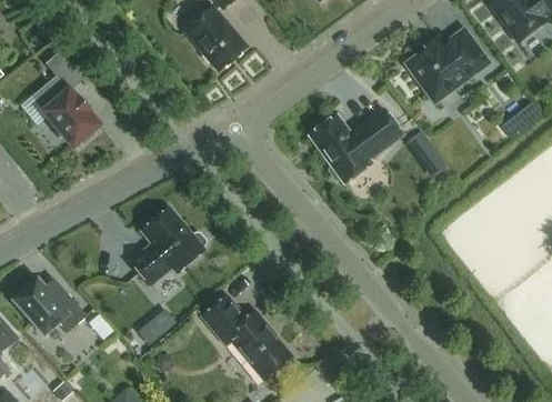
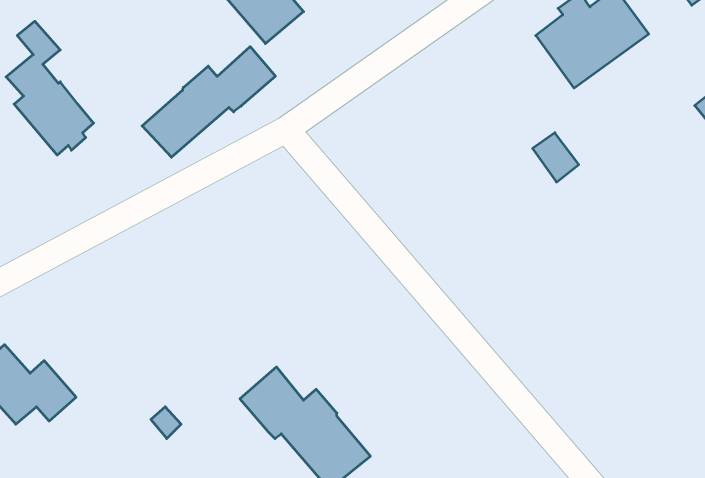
building: none -> [142,47,275,157]
building: [309,108,402,183] -> none
building: [130,207,205,285] -> none

